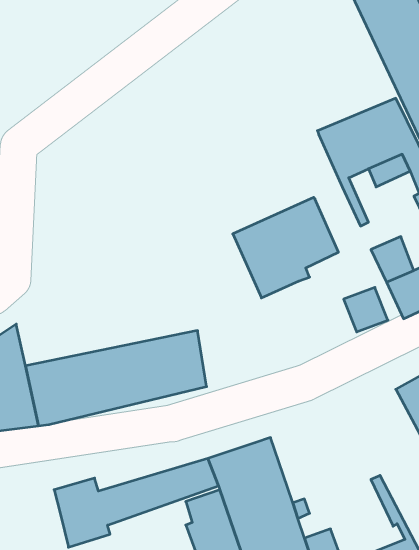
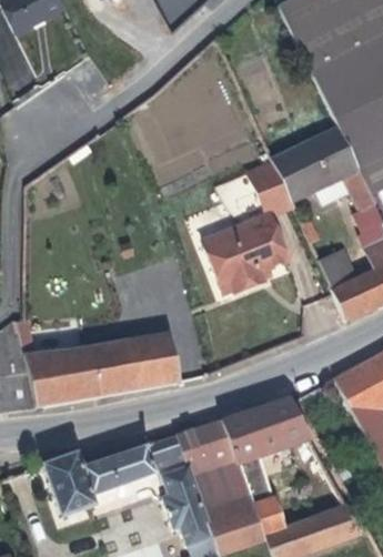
building: none -> [249,161,292,215]
building: none -> [231,396,315,460]

